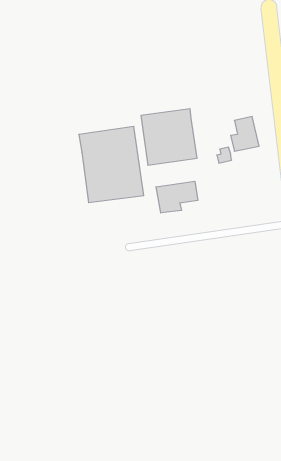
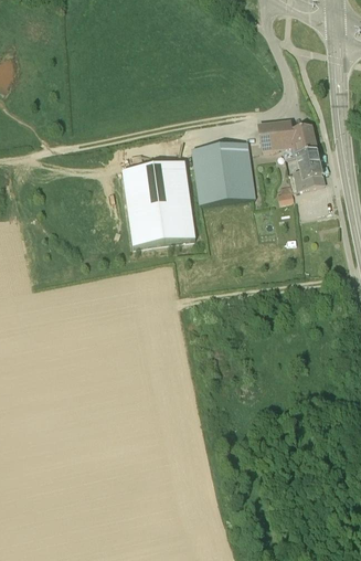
building: none -> [257,119,316,154]
building: [156,181,198,213] -> none

